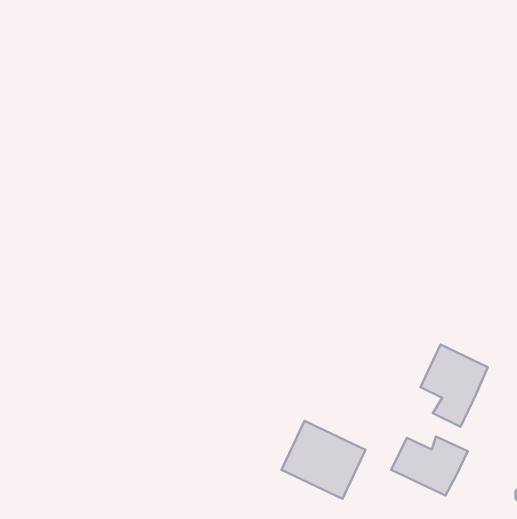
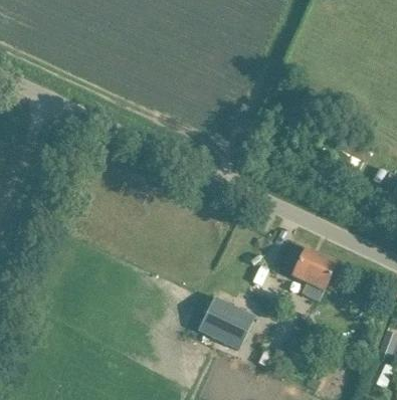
building: [391,436,468,496] -> none

